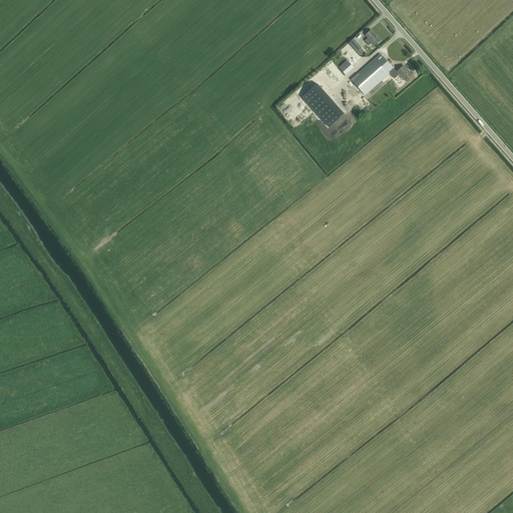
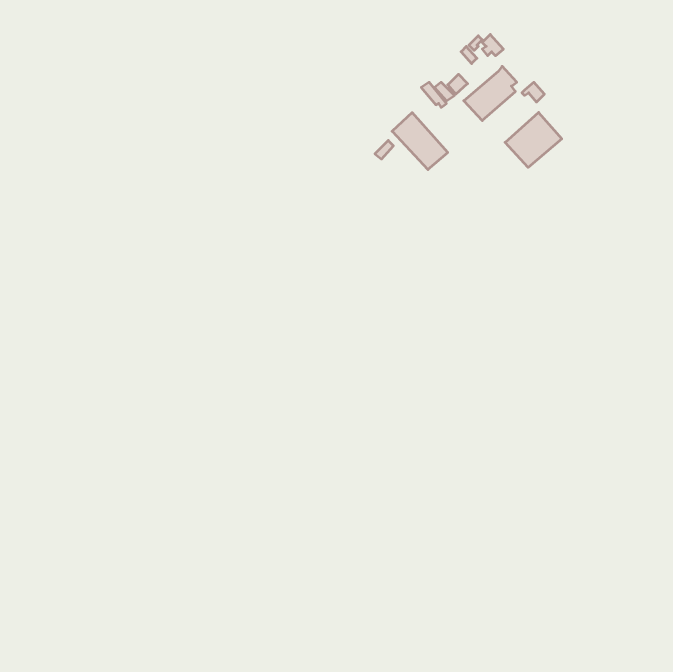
building: none -> [505,112,562,167]

